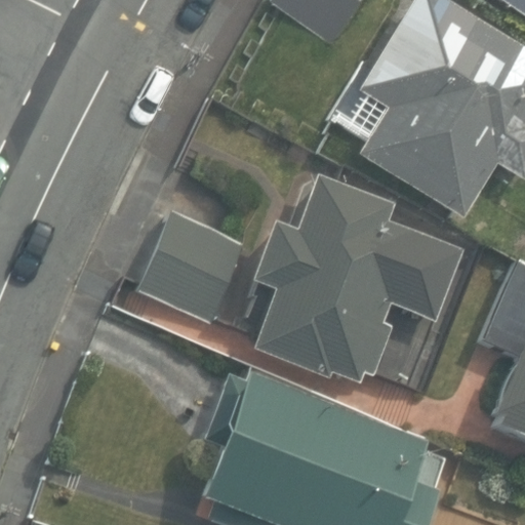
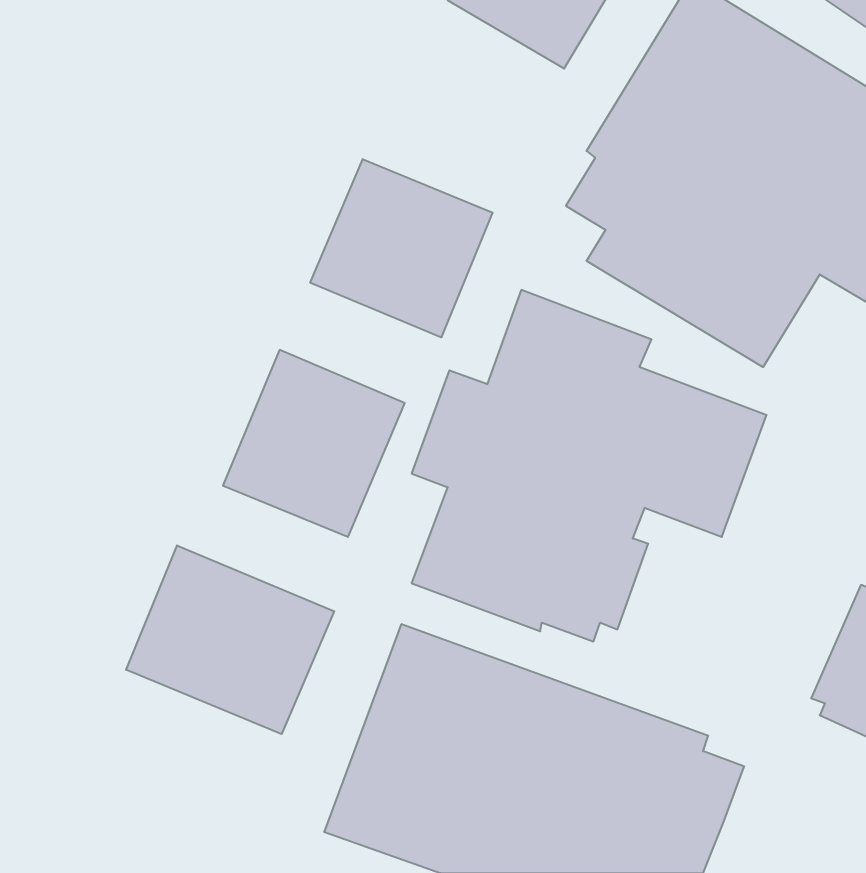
building: none -> [310,159,493,337]
building: none -> [126,545,334,734]

